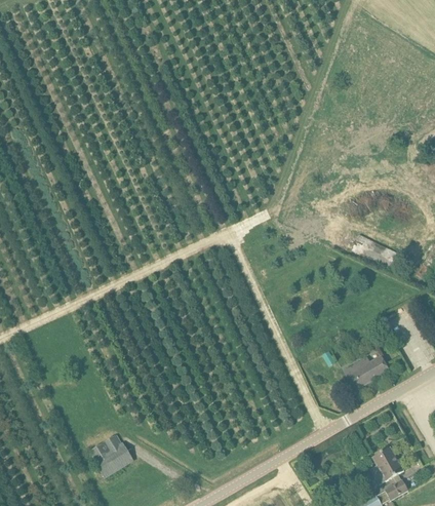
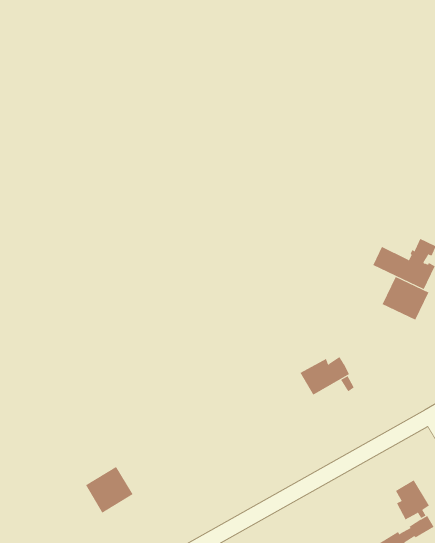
building: none -> [382,276,429,320]
building: [343,353,389,389] -> [299,356,350,395]

